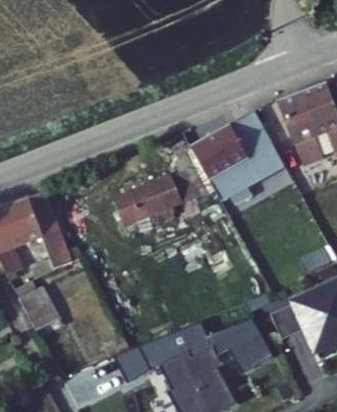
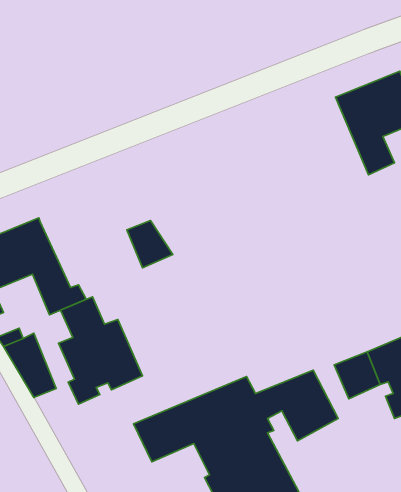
building: [188,111,282,195] -> none
building: [131,179,185,224] -> none
building: none -> [59,297,142,404]

